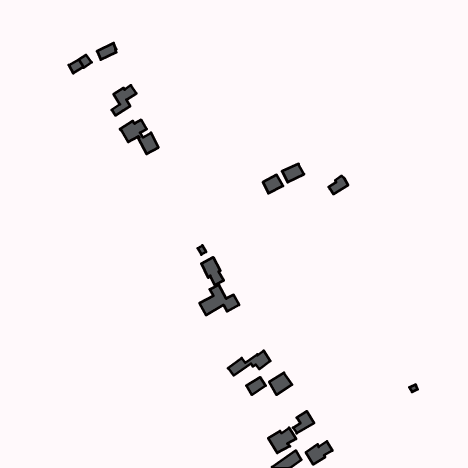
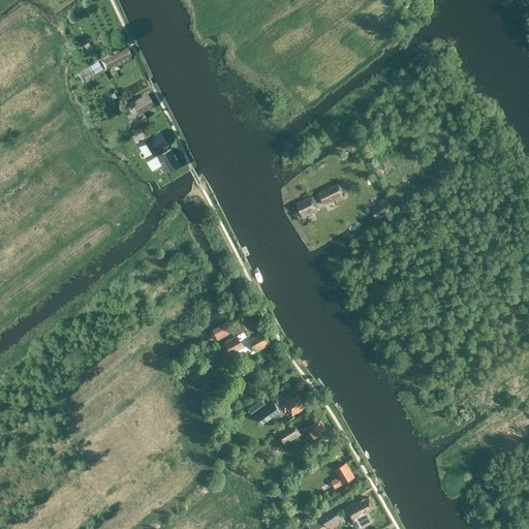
building: [201,257,224,285] -> none
building: [268,428,296,453] -> none

